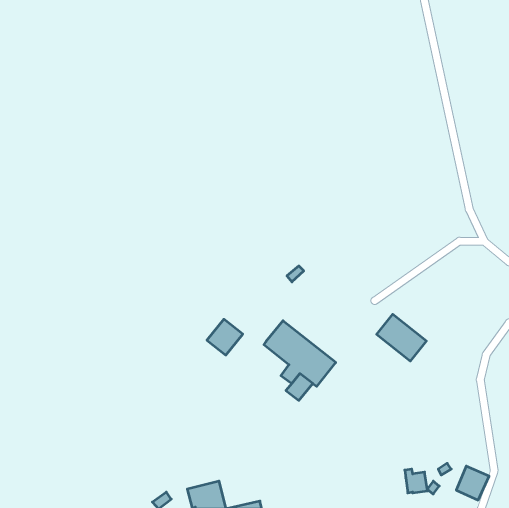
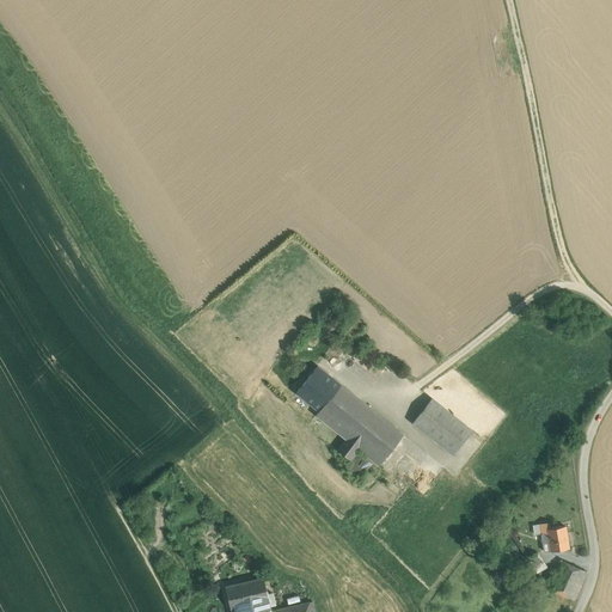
building: [377,314,426,361] -> [412,399,472,455]
building: [207,319,243,355] -> [296,368,339,411]
building: [405,469,428,493] -> [540,524,568,552]

